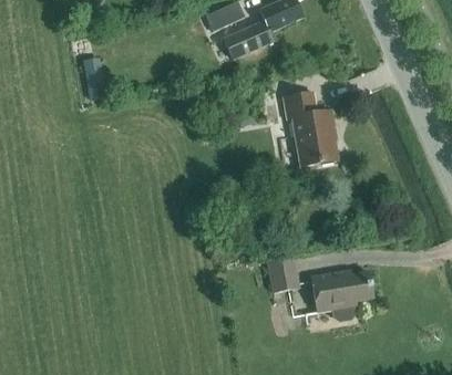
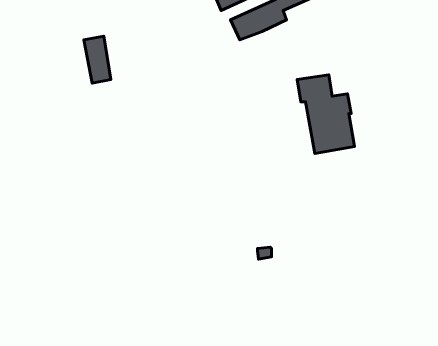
building: [267,258,298,293] -> none
building: [310,271,372,313] -> none

